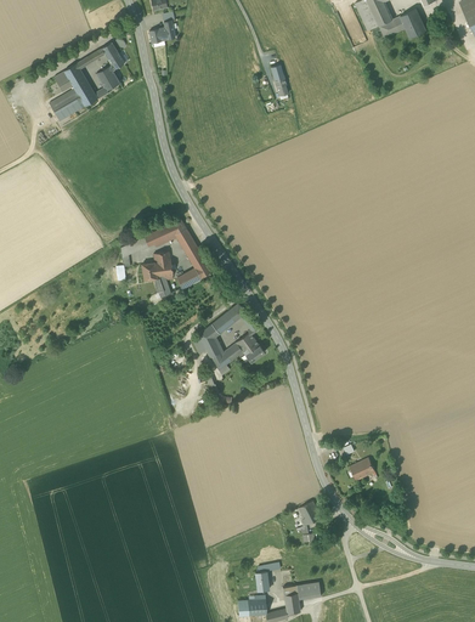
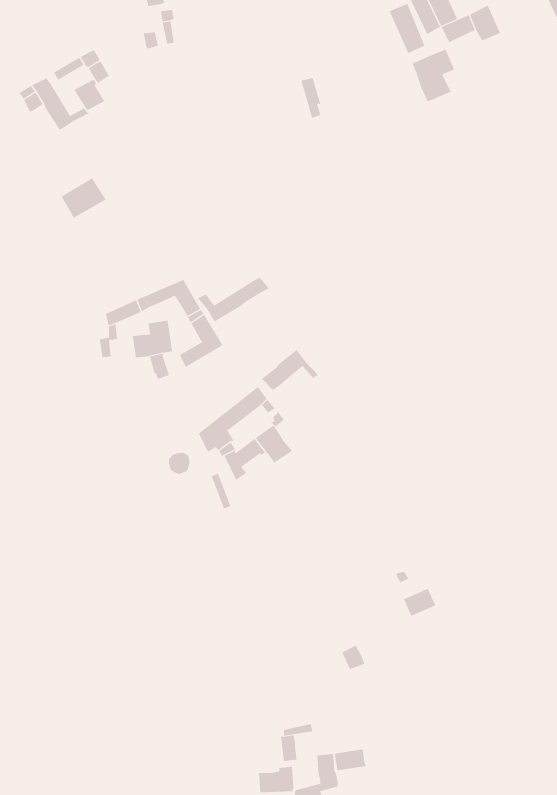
building: none -> [412,49,455,102]
building: [50,89,85,120] -> [61,177,107,218]
building: none -> [197,277,270,323]
building: none -> [261,349,319,391]

